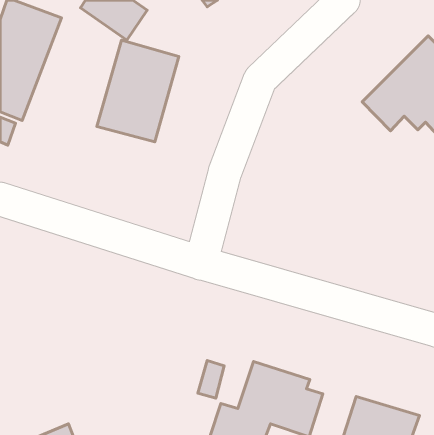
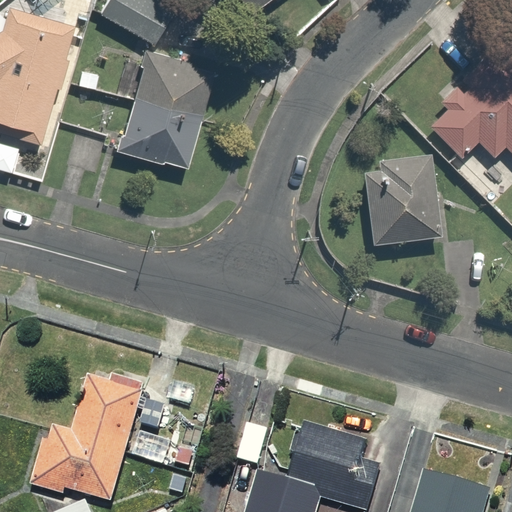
building: none -> [369,157,447,249]
building: none -> [24,367,159,504]

